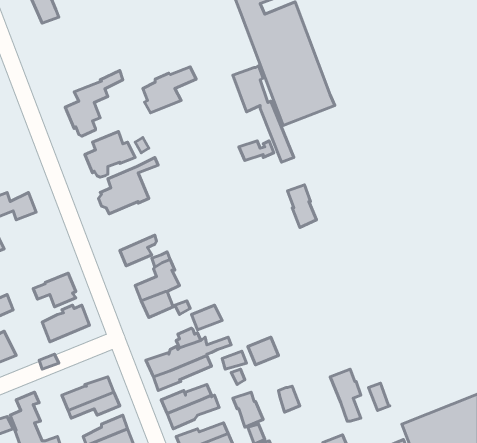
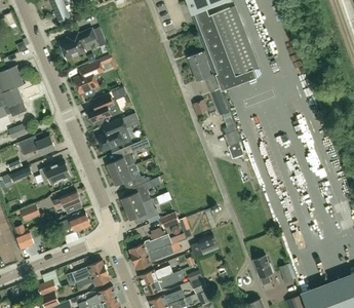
building: [143,67,196,113] -> [60,29,95,60]
building: none -> [107,144,139,176]
building: none -> [39,161,70,185]

